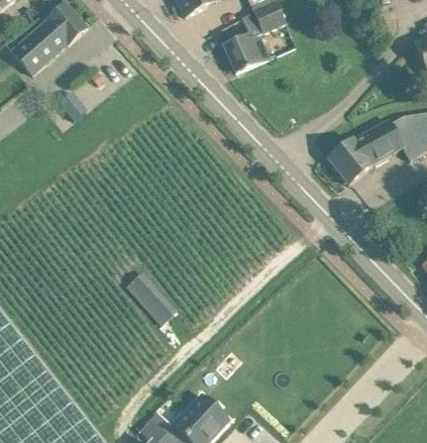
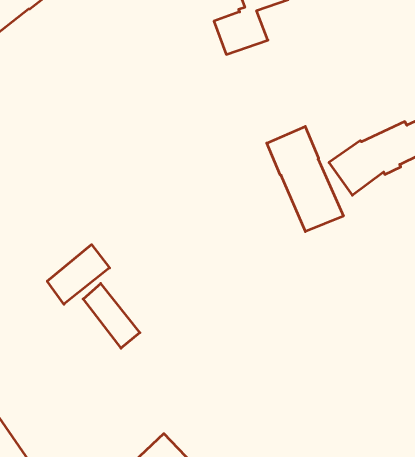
building: none -> [267,126,343,232]
building: none -> [47,245,110,304]

